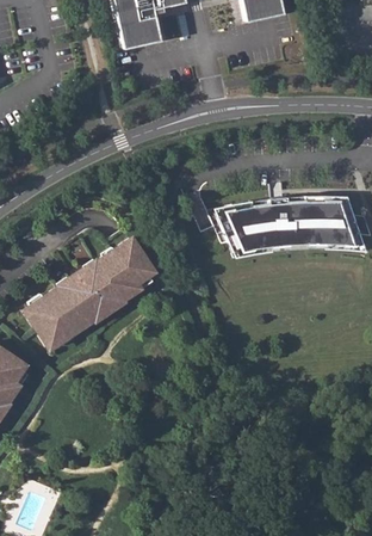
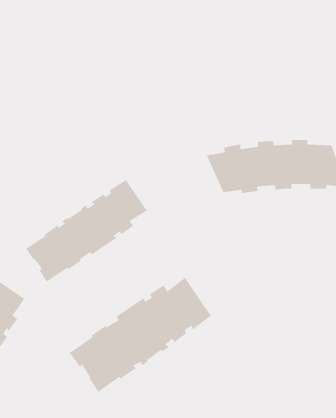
building: none -> [69,277,212,393]

